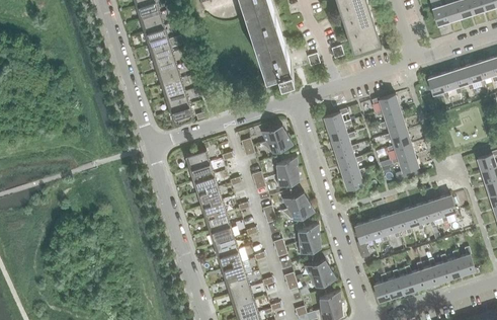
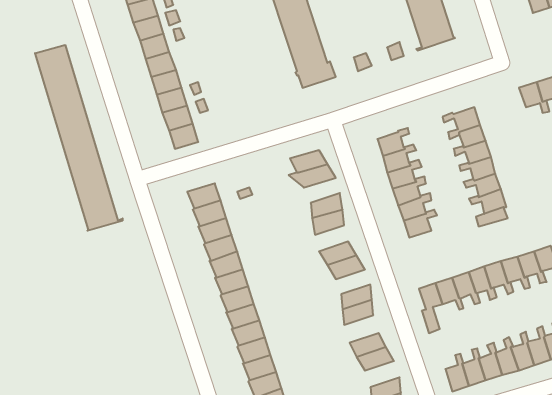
building: none -> [35,45,123,231]

